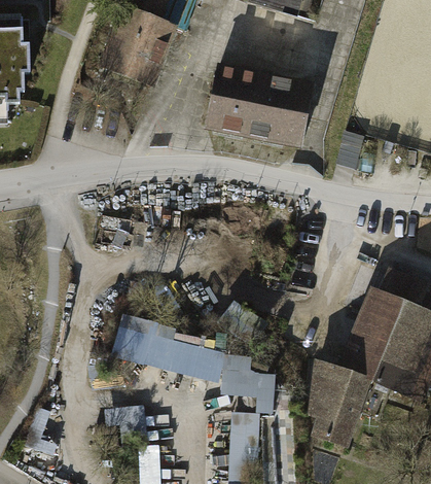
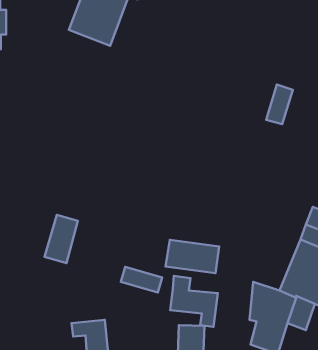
building: [206,67,313,144] -> none
building: none -> [166,240,219,273]
building: [111,312,150,369] -> [44,215,78,263]

